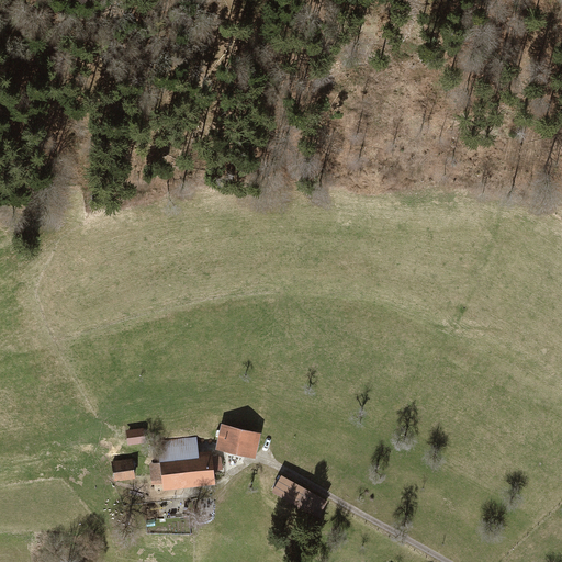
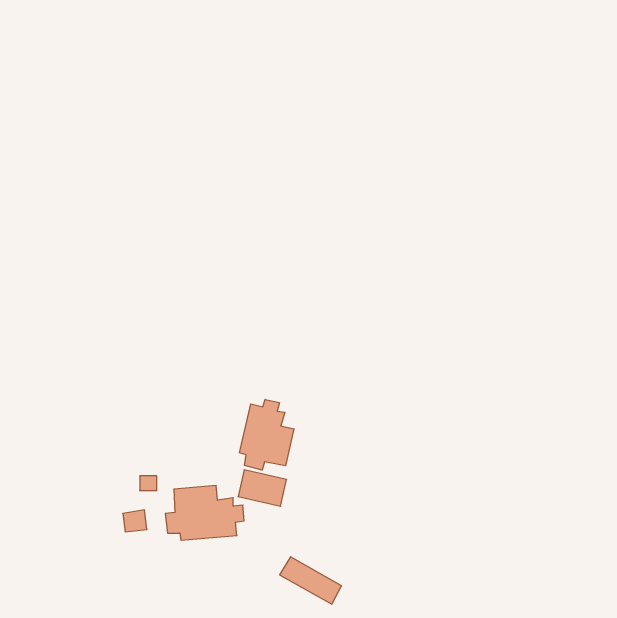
building: none -> [240,399,294,470]
building: [270,475,326,518] -> [280,557,342,604]

